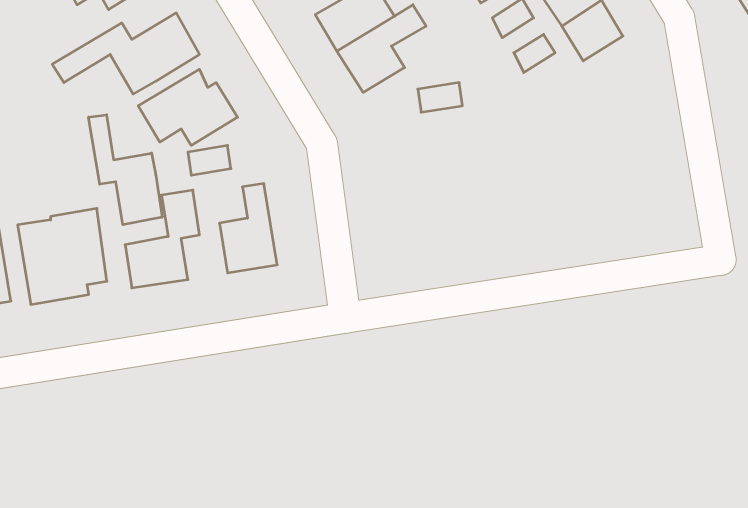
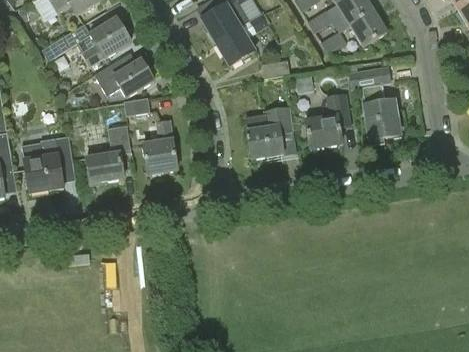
building: none -> [347,65,400,140]
building: [89,115,162,225] -> none
building: none -> [306,93,352,149]
building: none -> [245,106,294,159]

